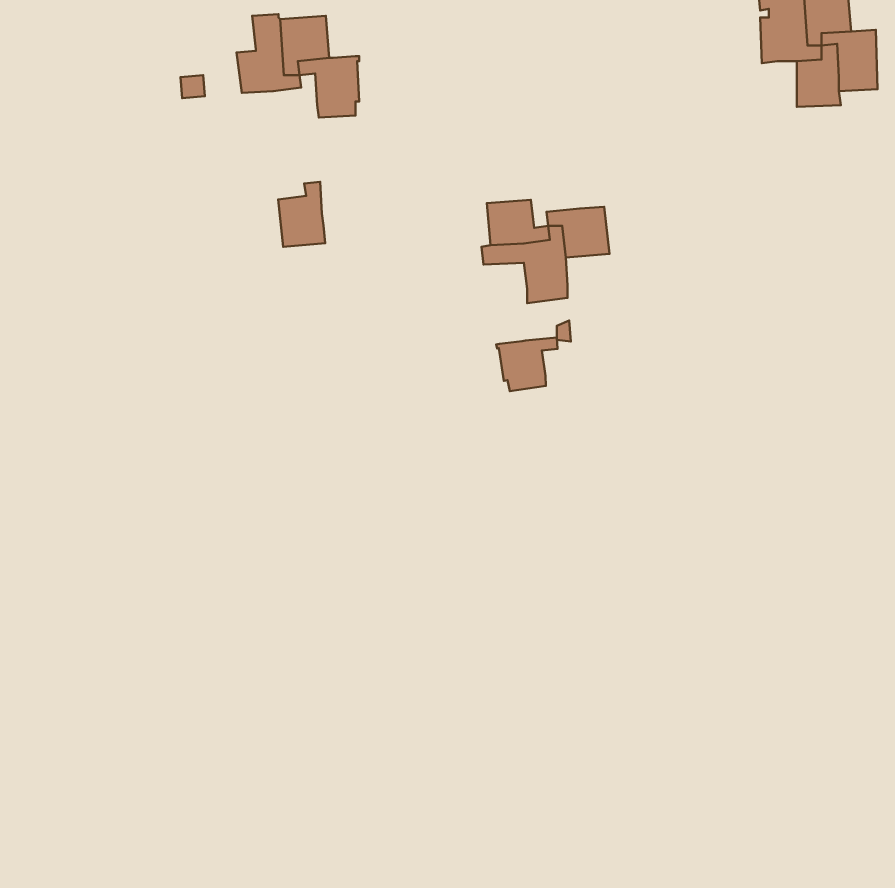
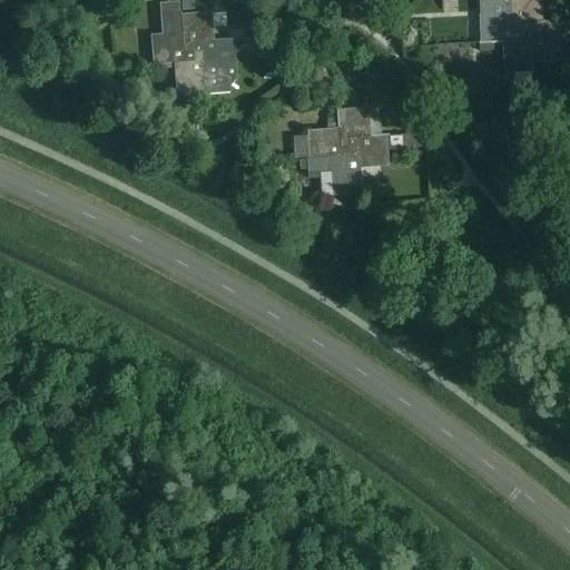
building: none -> [336,106,368,145]
building: [278,182,325,247] -> [174,47,204,88]
building: [496,337,558,391] -> none

